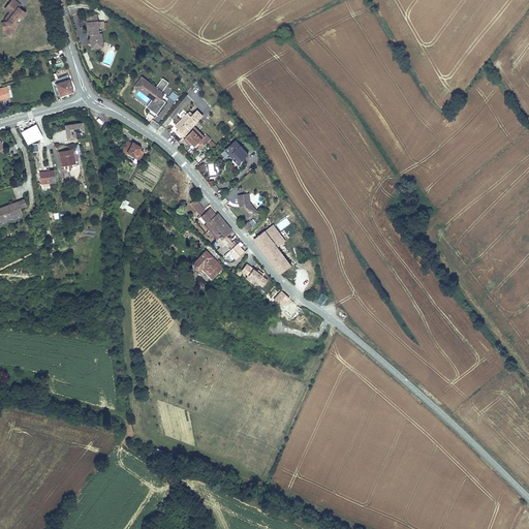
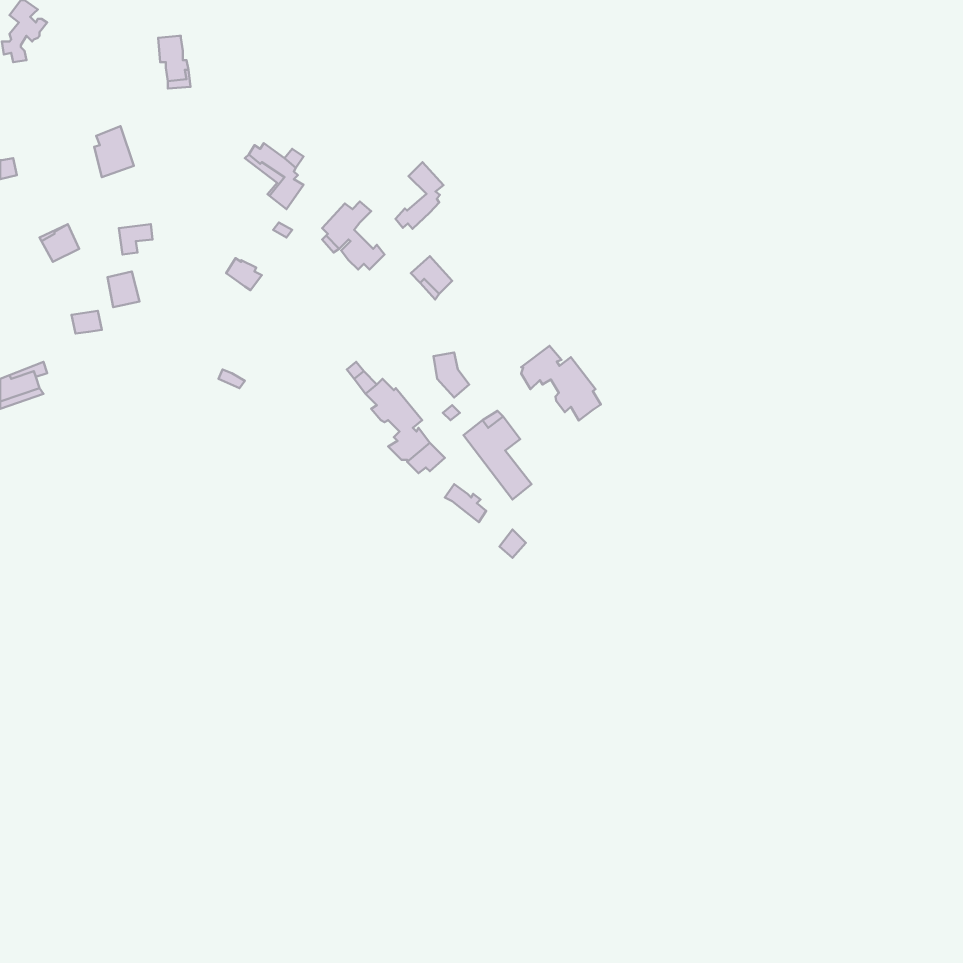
building: none -> [396,162,444,229]
building: none -> [521,346,601,420]
building: [193,251,222,278] -> none

